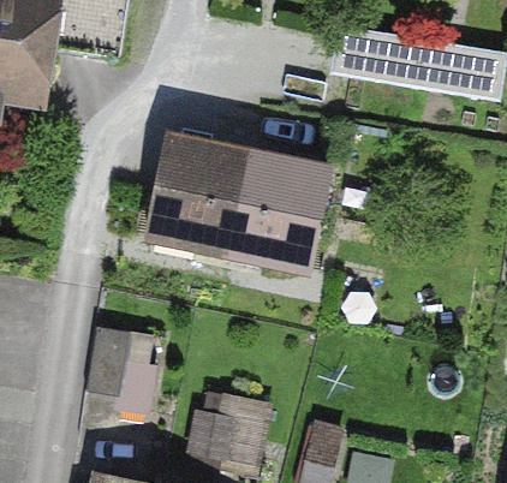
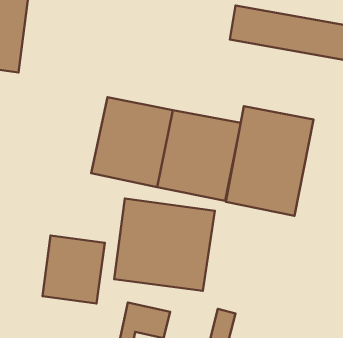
building: none -> [226,106,314,216]
building: none -> [114,198,215,291]

